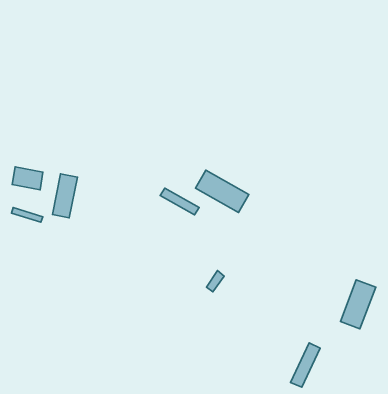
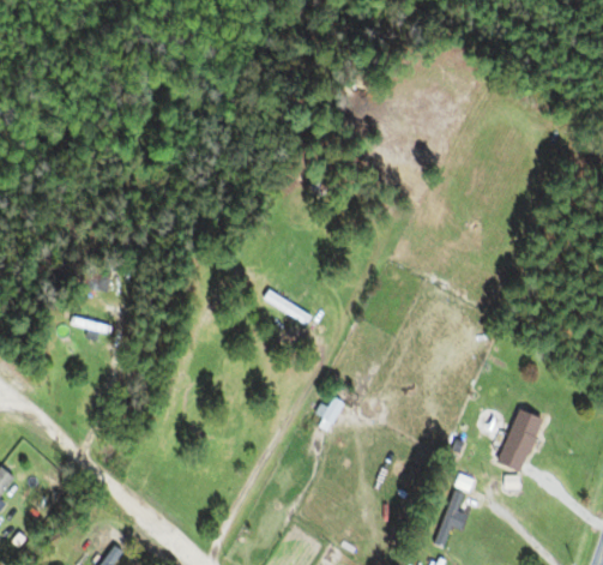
building: [196,170,249,213] -> none
building: [52,174,77,218] -> none

